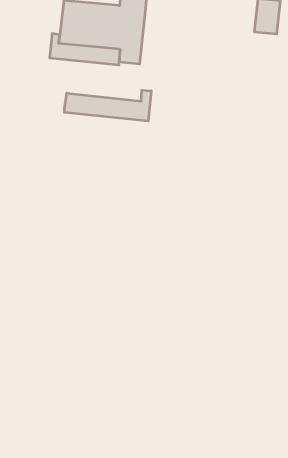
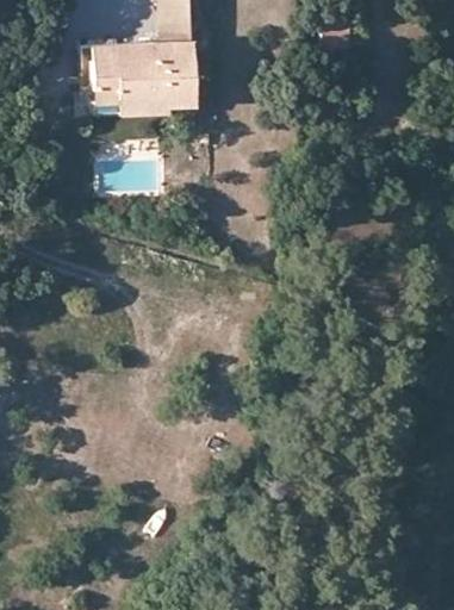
building: [64,90,151,121] -> none

